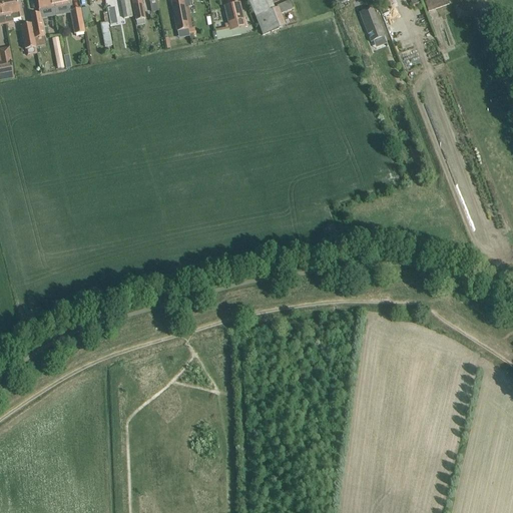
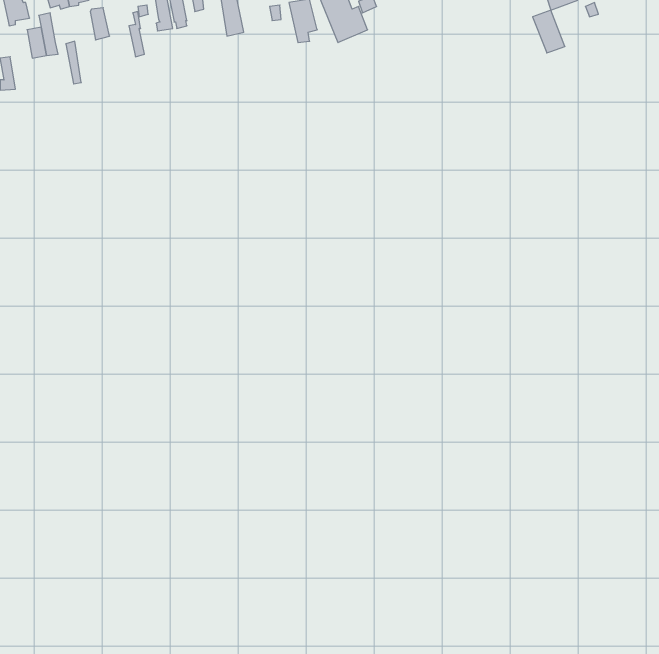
building: [359,4,384,37] -> [533,10,565,53]

